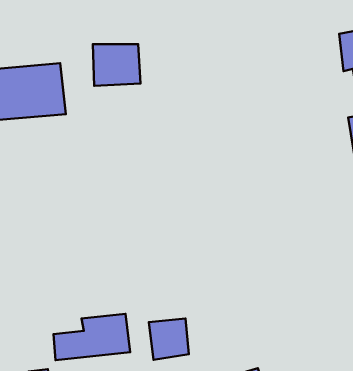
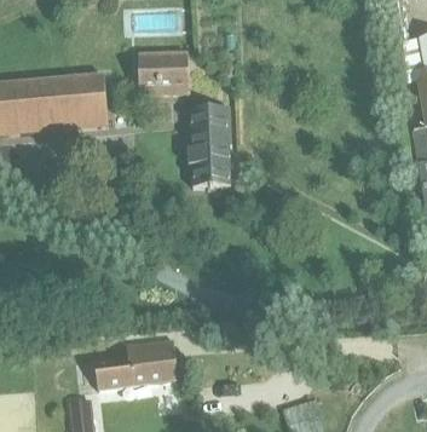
building: none -> [187,108,232,186]
building: [149,318,189,360] -> none

